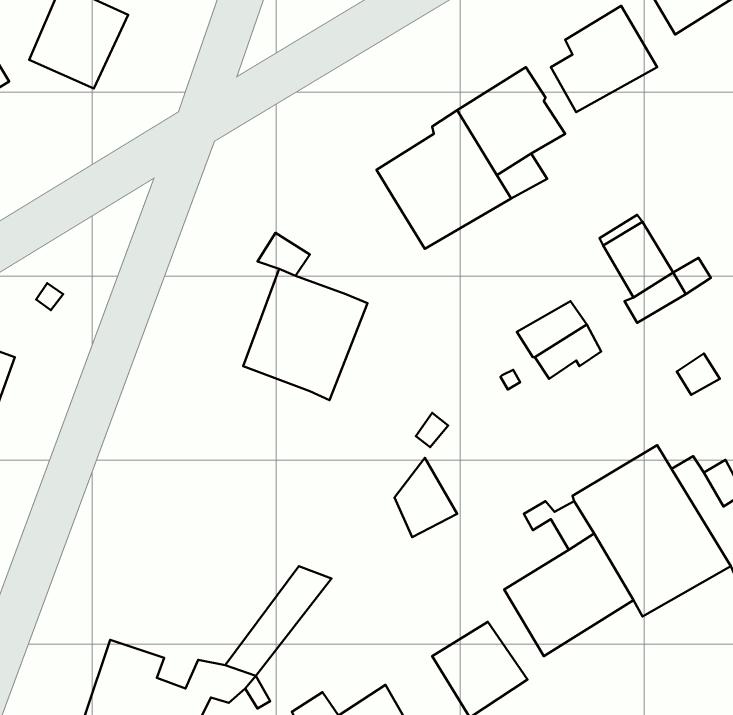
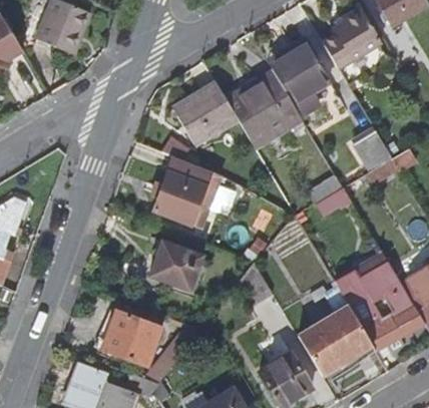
building: none -> [170,79,239,143]
building: none -> [148,244,200,294]
building: none -> [101,312,162,365]

